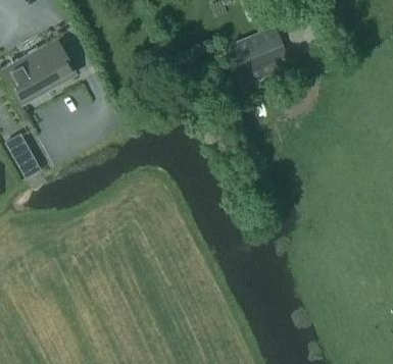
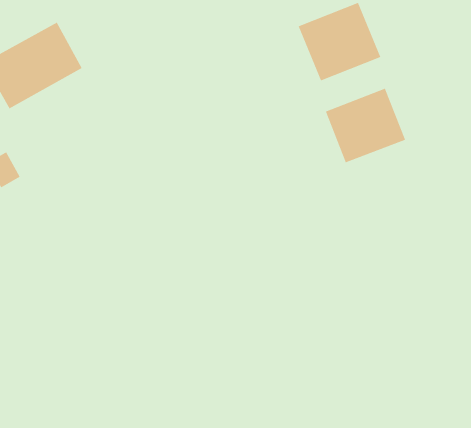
building: none -> [325,88,406,163]

